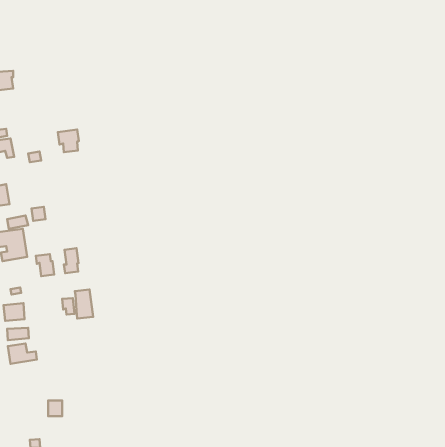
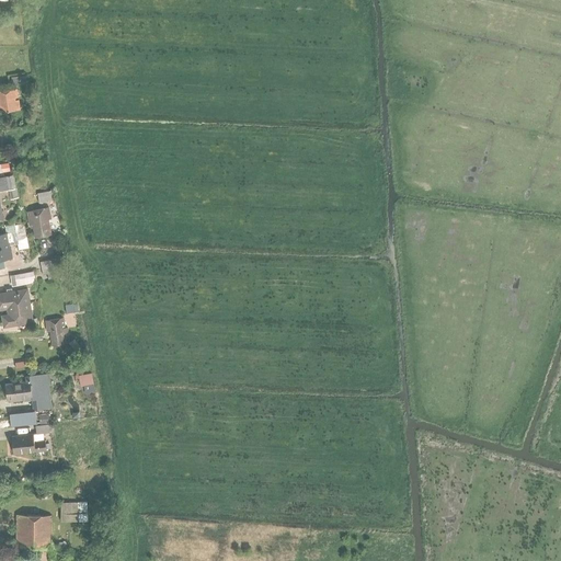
building: [58,129,79,152] -> [25,208,51,237]
building: [64,248,79,273] -> none
building: [75,290,93,318] -> [28,374,51,410]
building: none -> [13,513,51,548]

